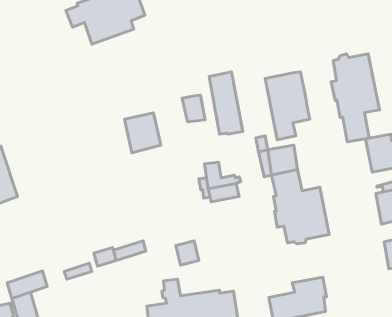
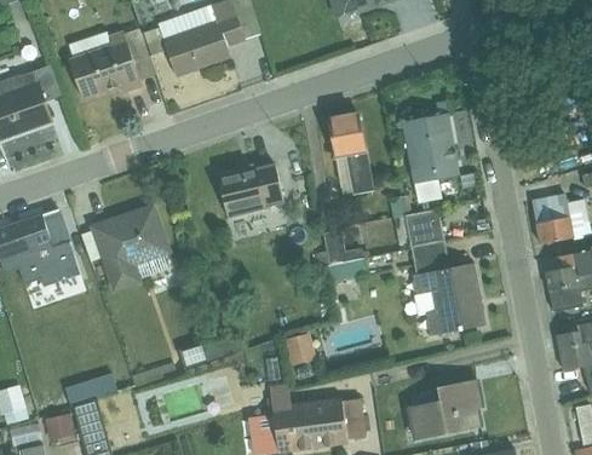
building: none -> [69,30,142,98]
building: [331,54,379,142] -> none
building: [182,95,205,122] -> none
building: none -> [94,207,171,290]

